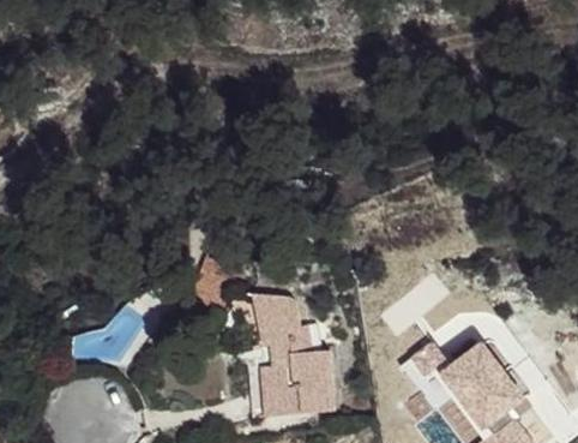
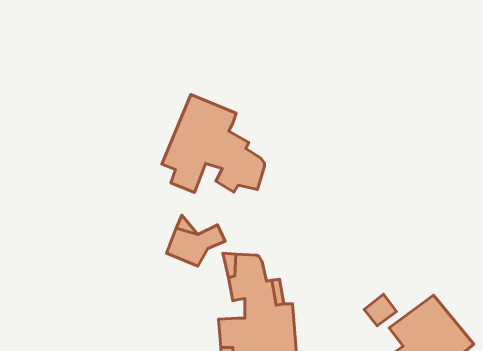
building: none -> [162,94,265,193]

